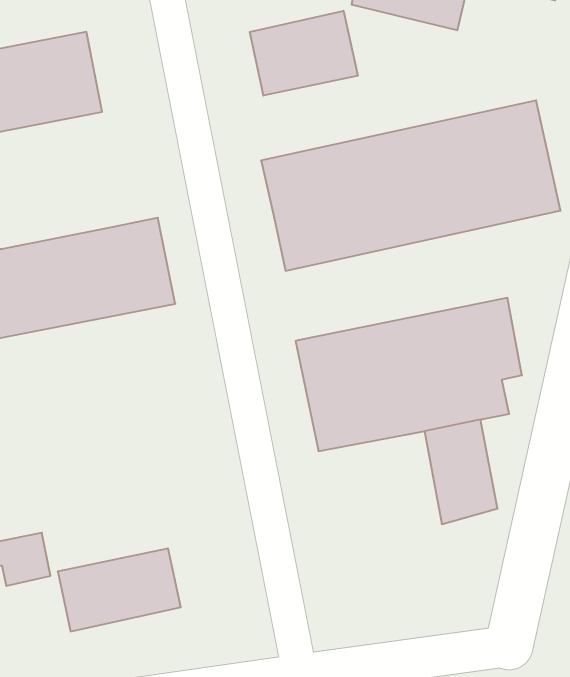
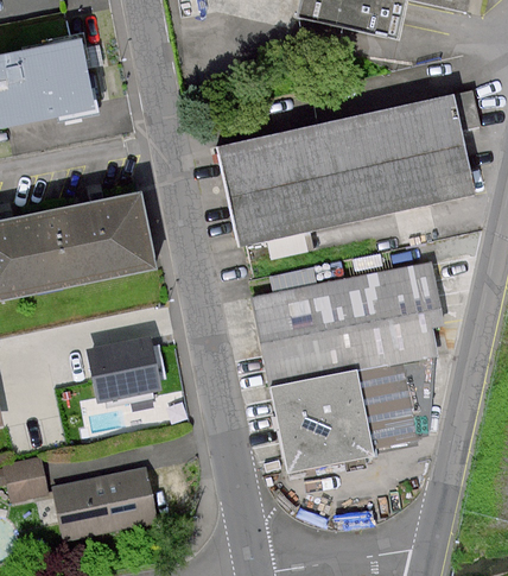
building: [250,11,358,96] -> none
building: none -> [91,342,159,397]
building: none -> [271,372,374,471]

